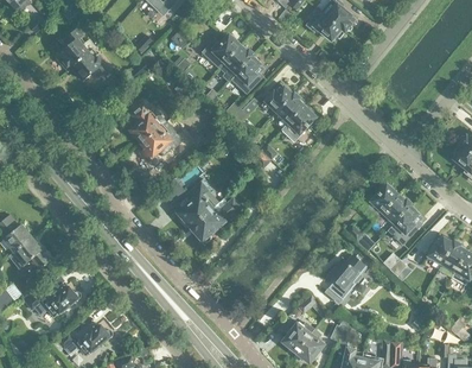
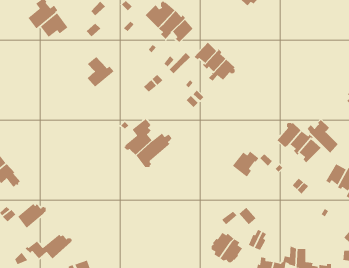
building: [138,121,171,160] -> none
building: none -> [307,119,338,154]
building: [327,256,362,290] -> [232,151,259,177]

